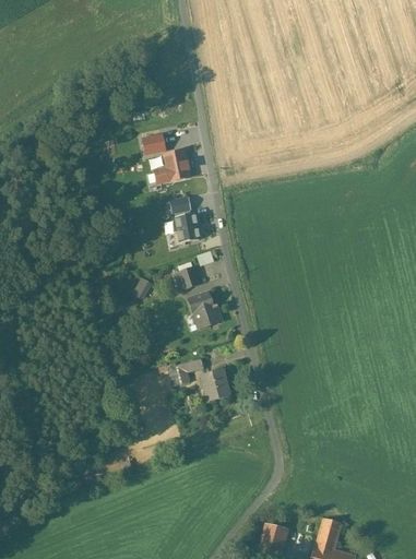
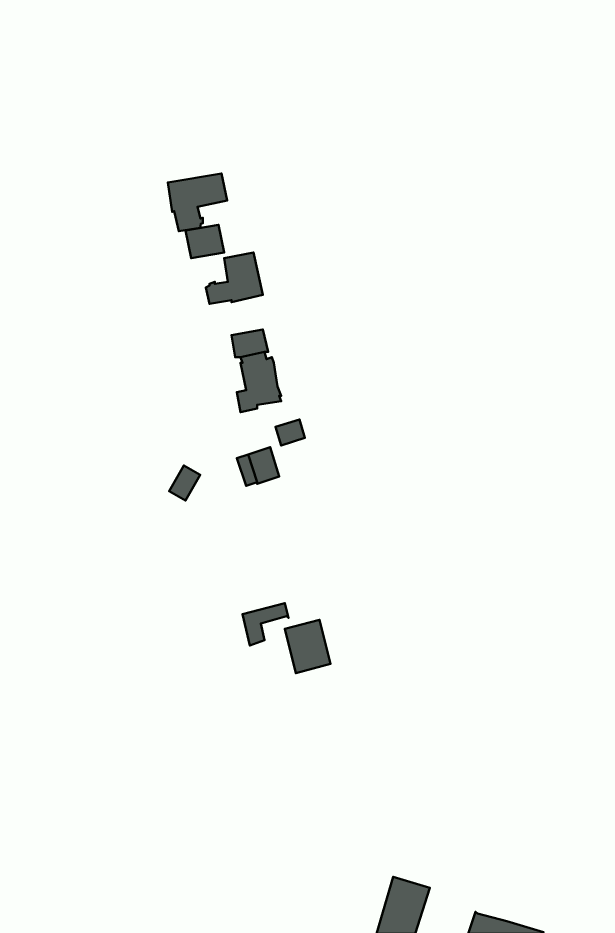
building: none -> [168,173,227,231]
building: [188,292,221,328] -> none
building: [316,518,341,548] -> none

